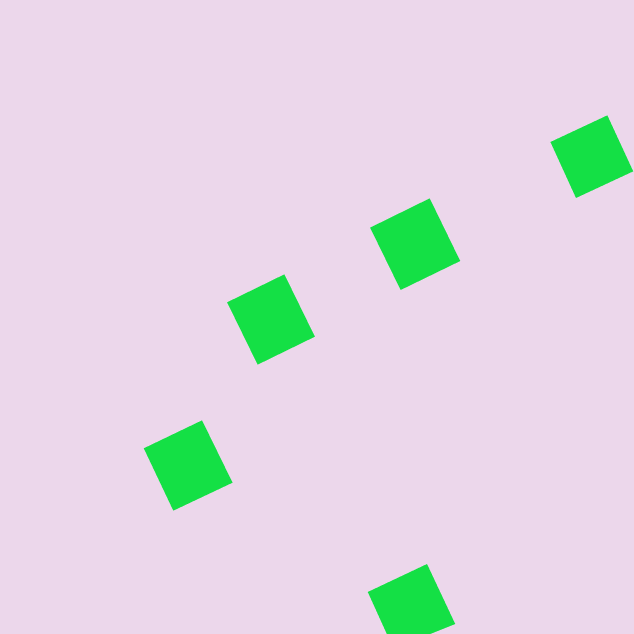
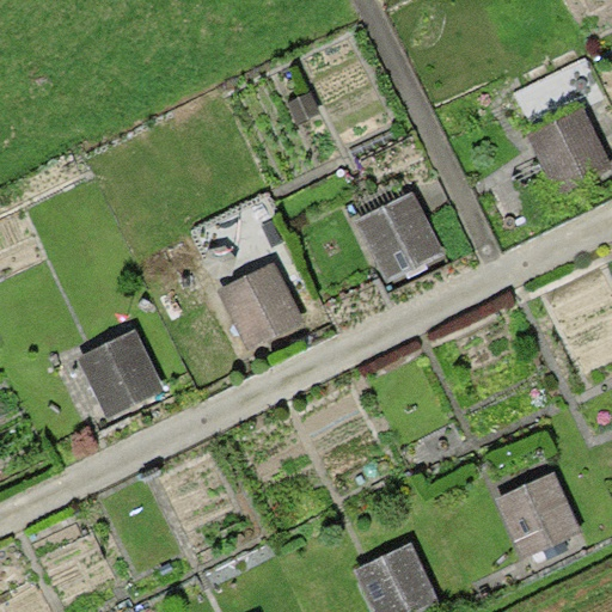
building: [143,419,234,511] -> [78,330,165,418]
building: none -> [494,471,581,559]

